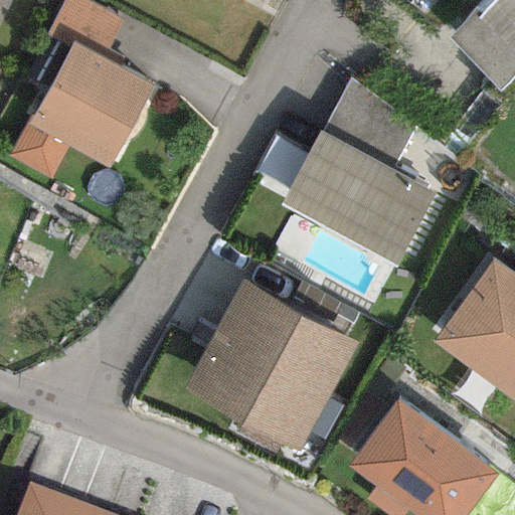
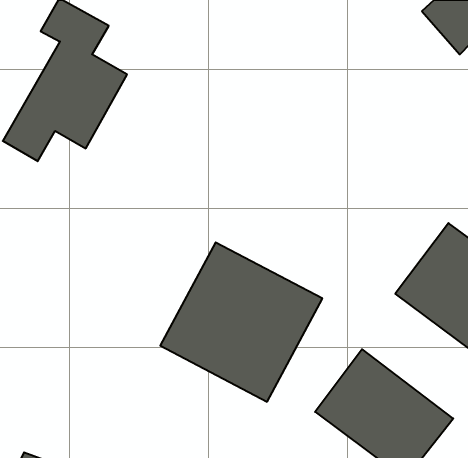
building: [281,89,444,268] -> none

